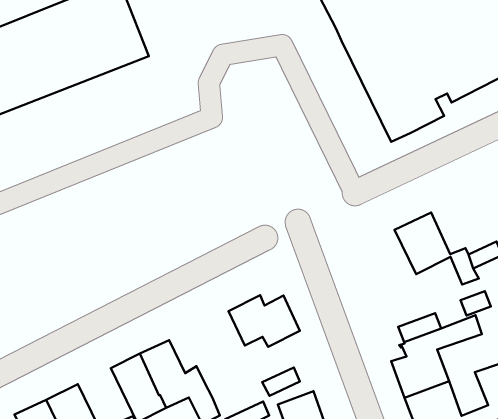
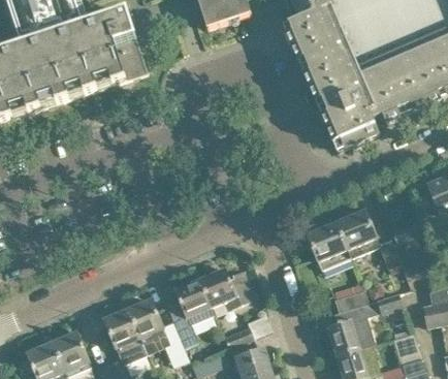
building: none -> [305,222,351,271]
building: none -> [167,280,214,348]

